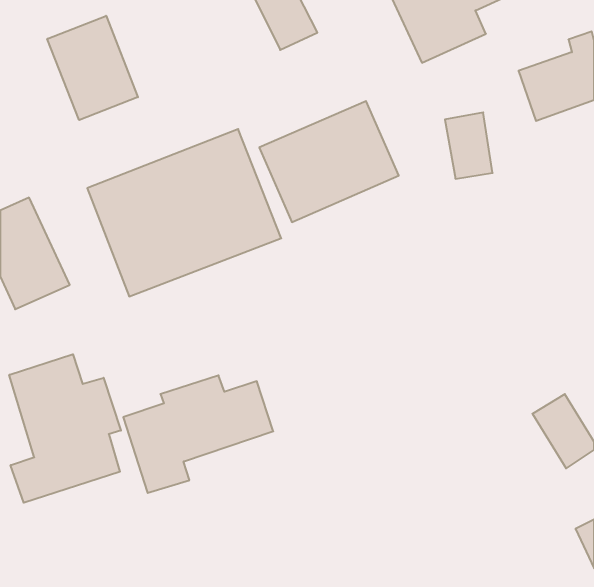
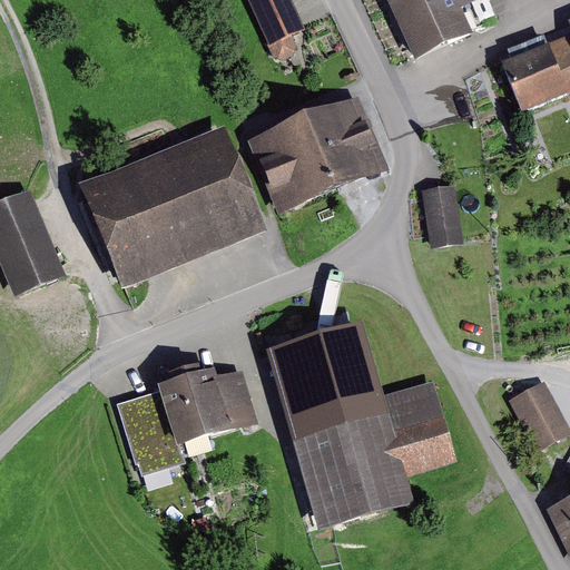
building: [47,16,138,120] -> none
building: [445,112,493,179] -> [419,185,464,248]
building: none -> [265,322,456,525]
building: [9,354,121,503] -> none

